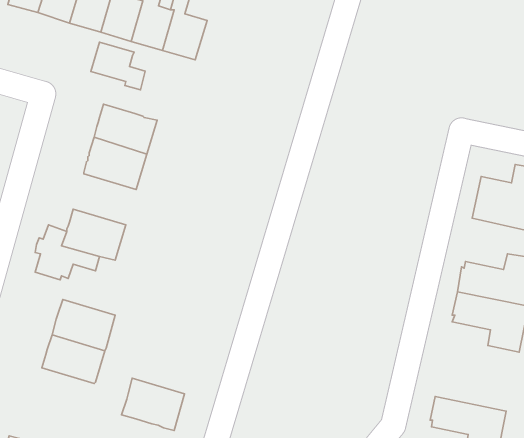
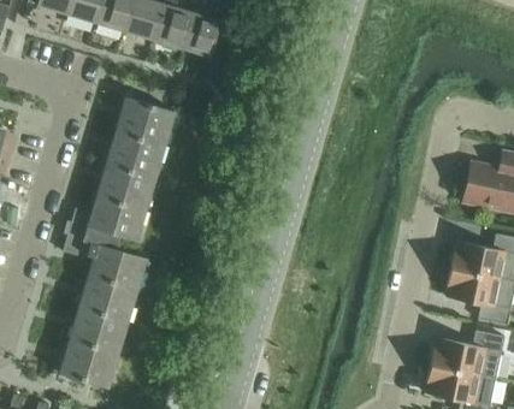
building: [91,42,145,90] -> none
building: none -> [98,161,155,208]
building: none -> [88,244,146,291]
building: none -> [430,331,504,379]
building: [122,378,184,430] -> [59,339,117,387]

